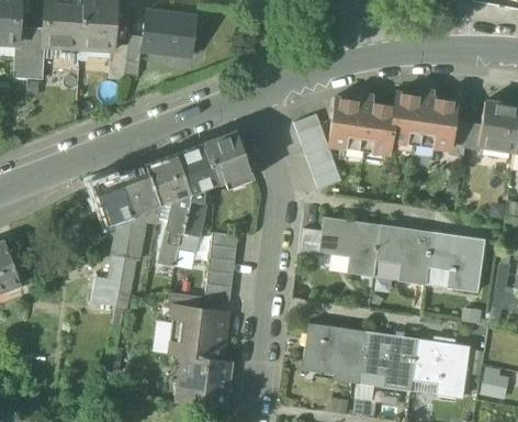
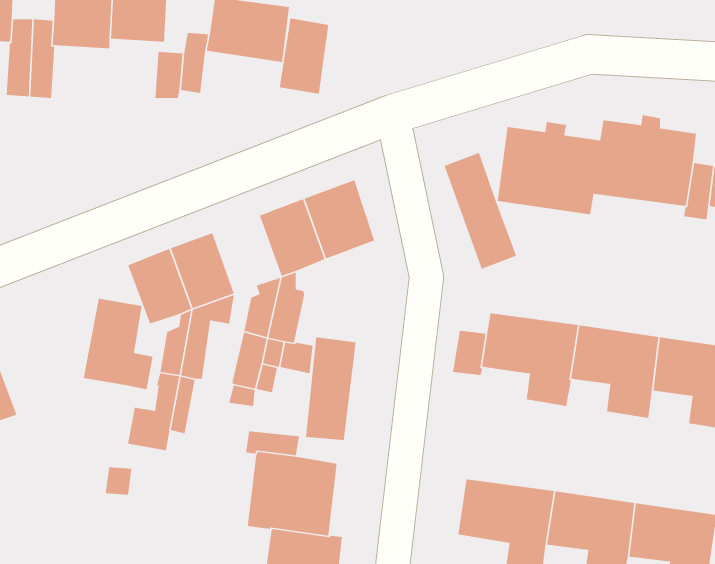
building: none -> [279,17,329,94]
building: [146,155,190,206] -> none
building: none -> [83,298,153,390]

